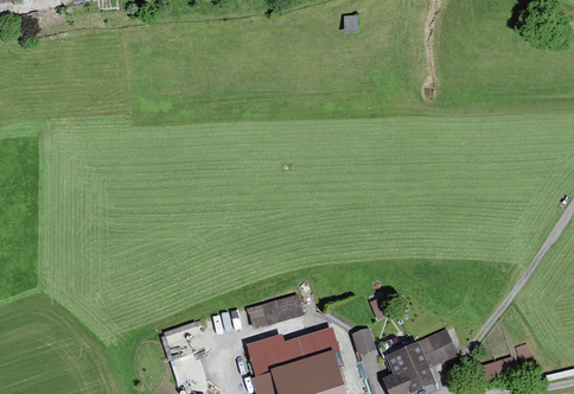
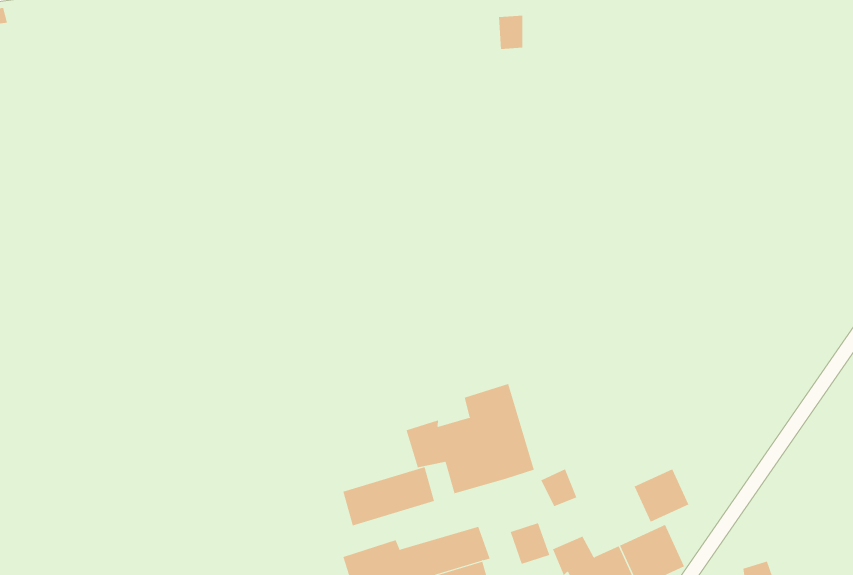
building: none -> [406,383,534,494]
building: none -> [634,468,689,523]

